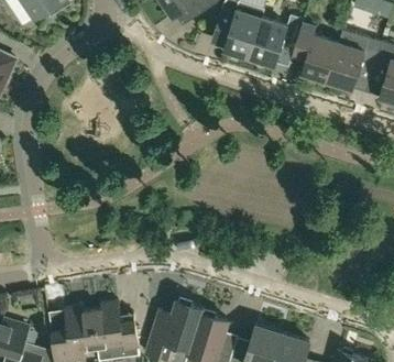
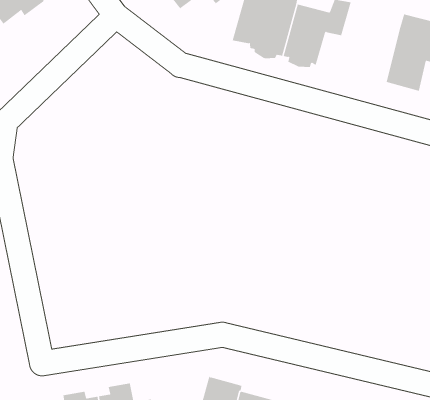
building: [291,22,339,81] -> none

